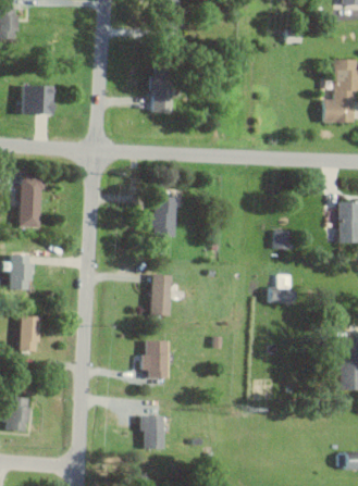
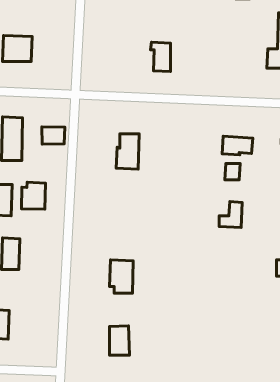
building: [149,79,172,113] -> [151,42,171,72]
building: none -> [42,127,65,144]
building: none -> [222,136,253,155]
building: none -> [21,182,46,209]
building: [150,274,172,315] -> none

